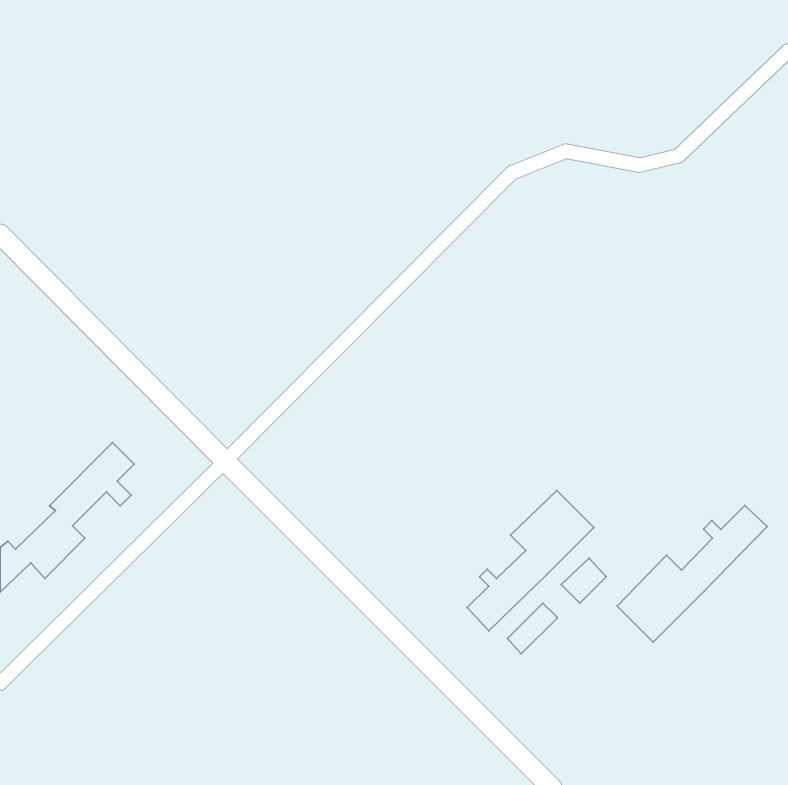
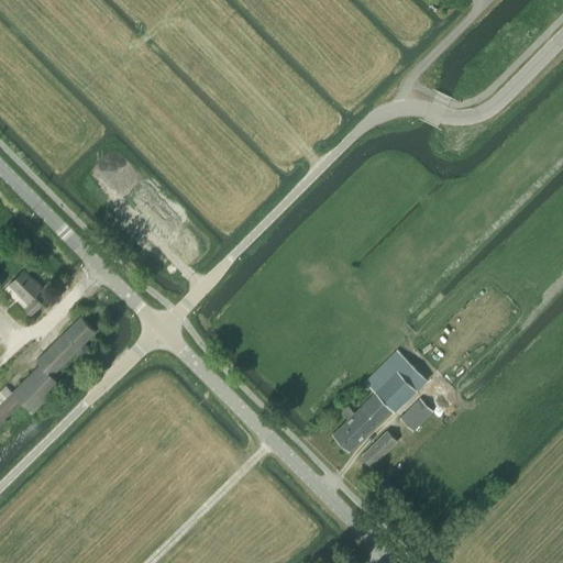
building: none -> [9,273,42,317]
building: [617,506,767,642] -> none

